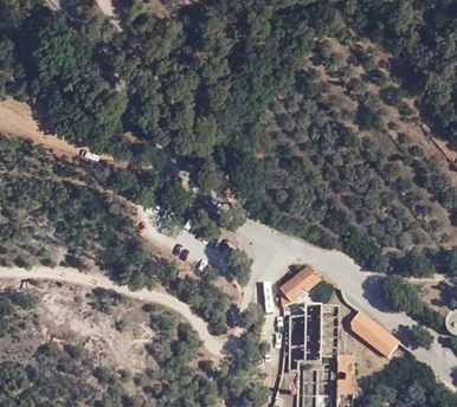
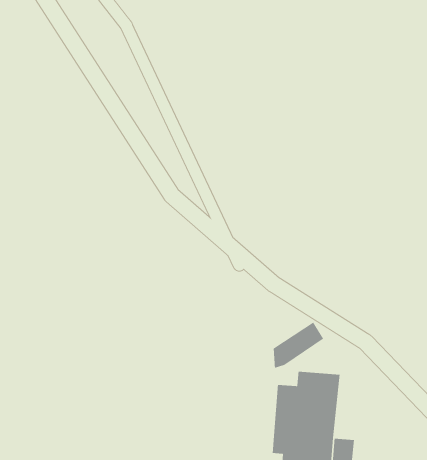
building: [348,312,398,357] -> none

